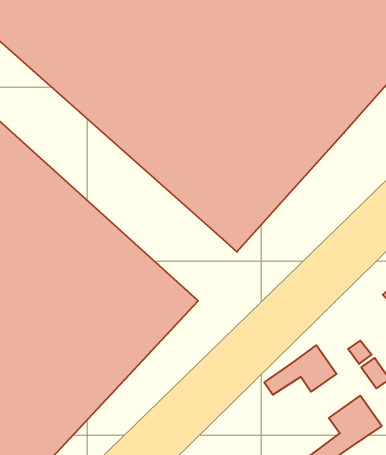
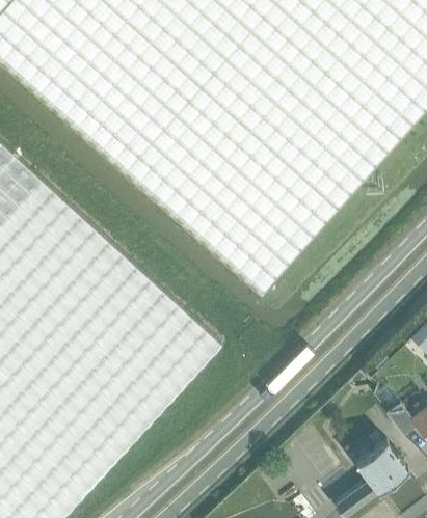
building: [264,345,337,395] -> none

